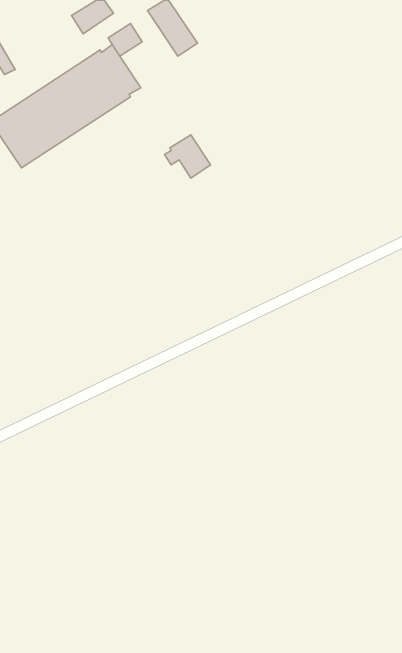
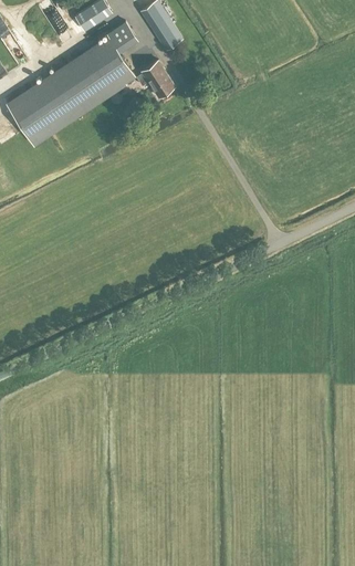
building: [165,135,211,178] -> [135,61,174,97]

